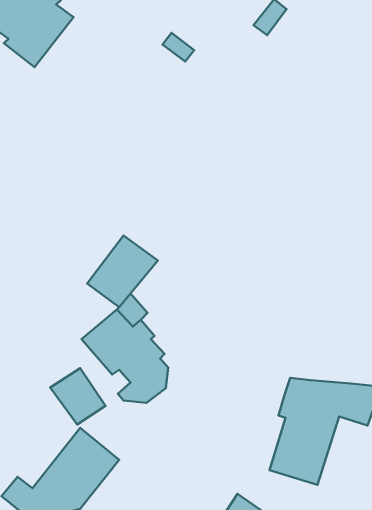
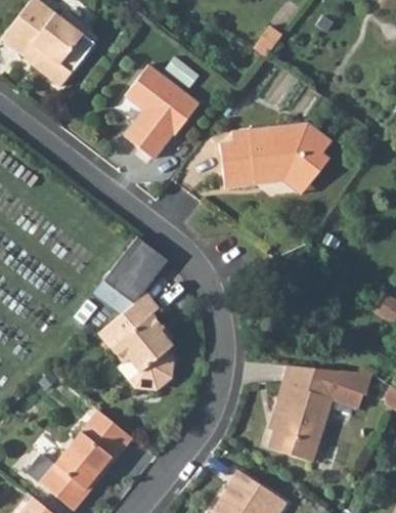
building: none -> [123,63,201,160]
building: none -> [217,122,329,188]
building: [50,368,105,424] -> none

